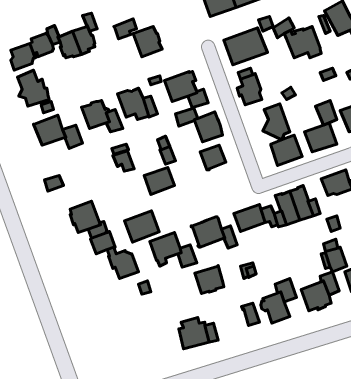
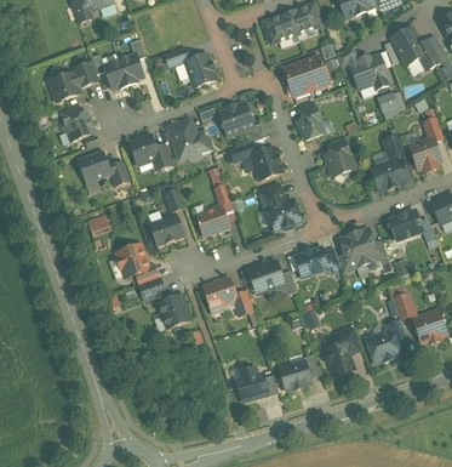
building: [271,135,302,165] -> [267,199,301,232]
building: [125,211,159,242] -> [148,213,185,247]
building: [195,265,224,293] -> [279,360,310,391]

